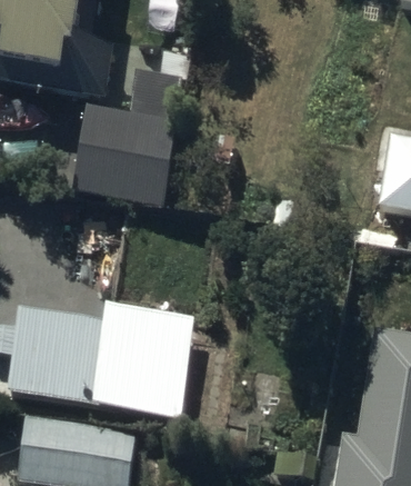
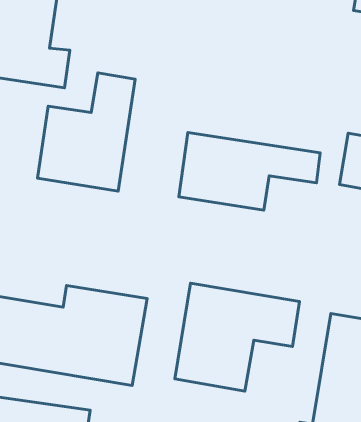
building: none -> [179,133,320,210]
building: none -> [175,283,299,391]

